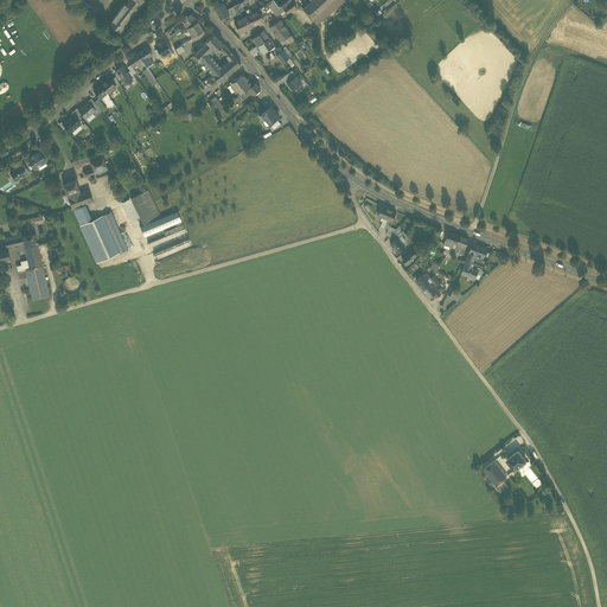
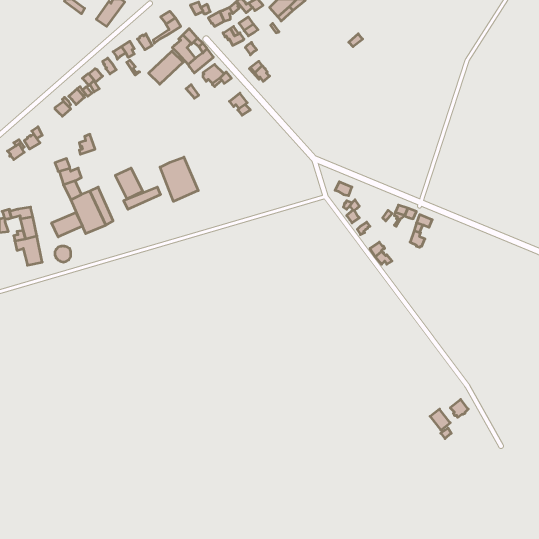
building: none -> [149,51,183,84]
building: none -> [160,157,198,201]
building: none -> [52,212,82,237]

